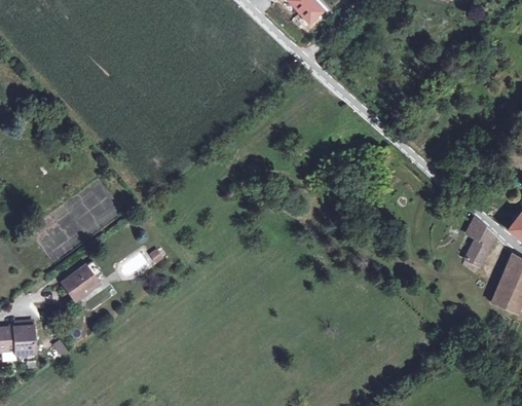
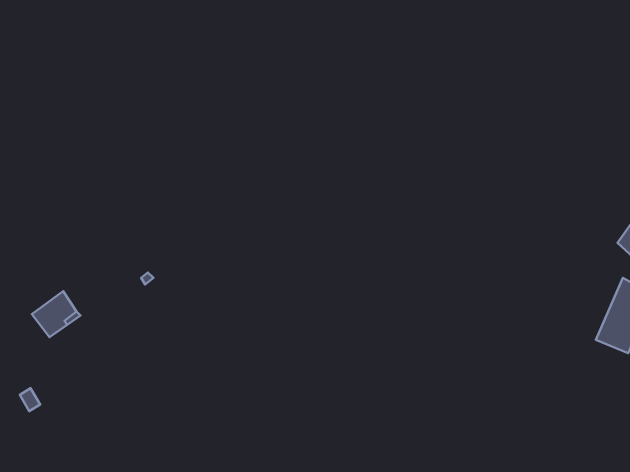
building: [464,217,495,272] -> none

